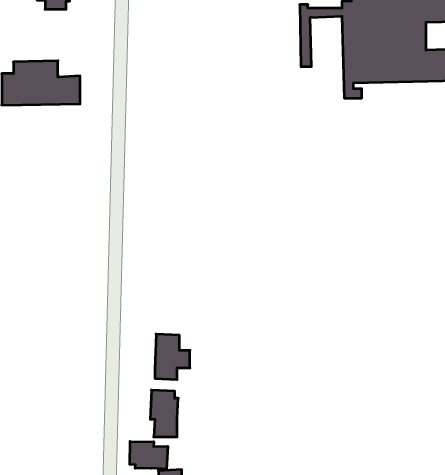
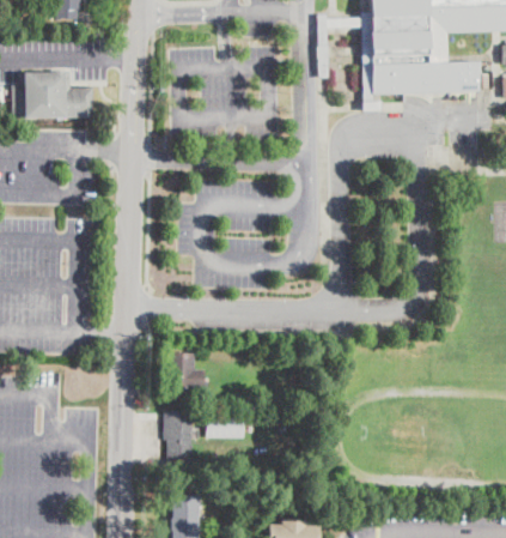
building: none -> [209,417,246,436]
building: [130,441,168,469] -> none

